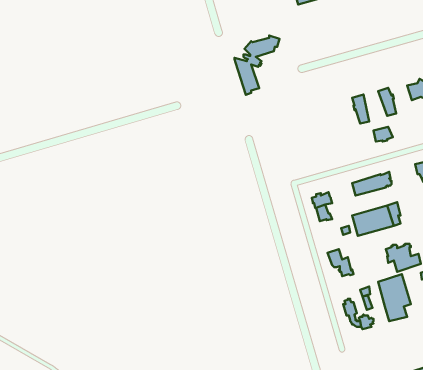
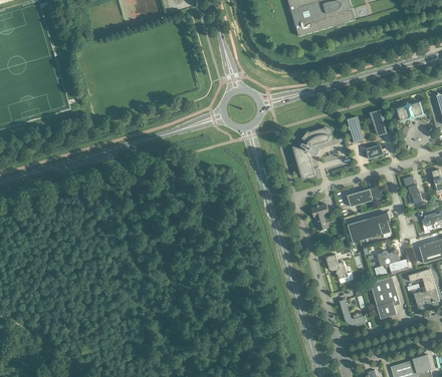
building: [234,35,279,95] -> [292,125,333,178]

